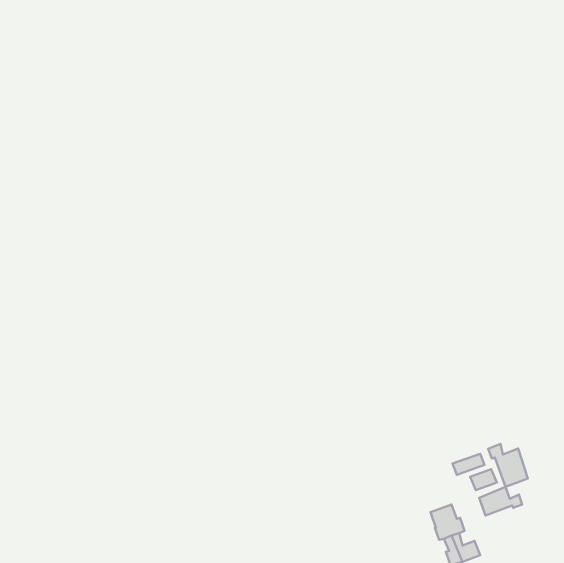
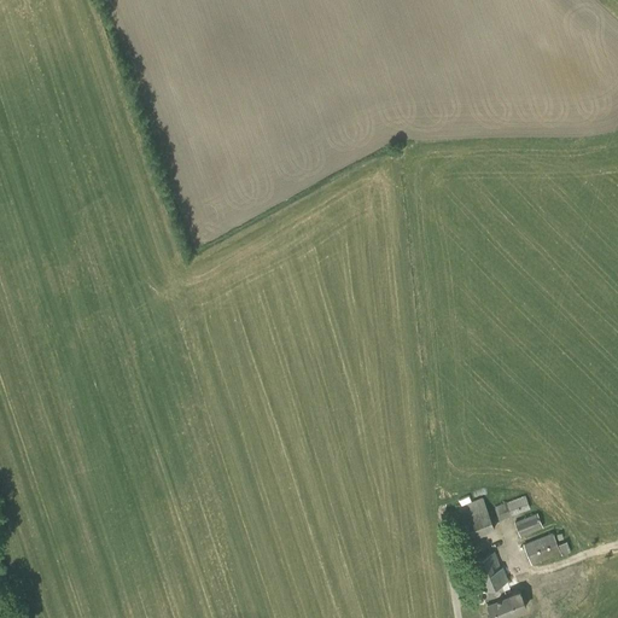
building: [488,444,528,487] -> none
building: none -> [457,499,495,540]

